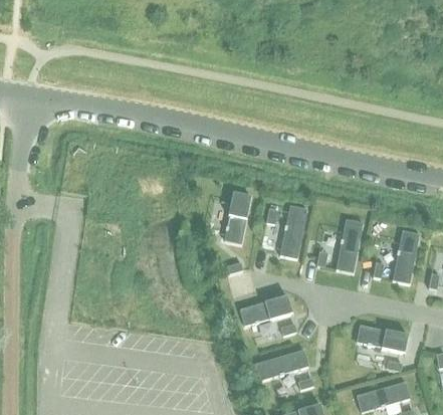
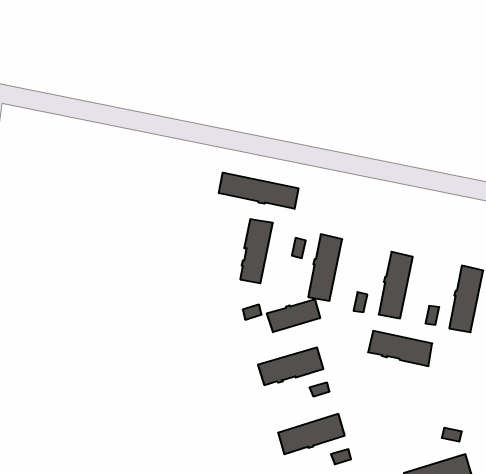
building: none -> [219,173,298,209]
building: none -> [267,299,320,332]
building: [355,325,406,353] -> [368,331,432,366]

